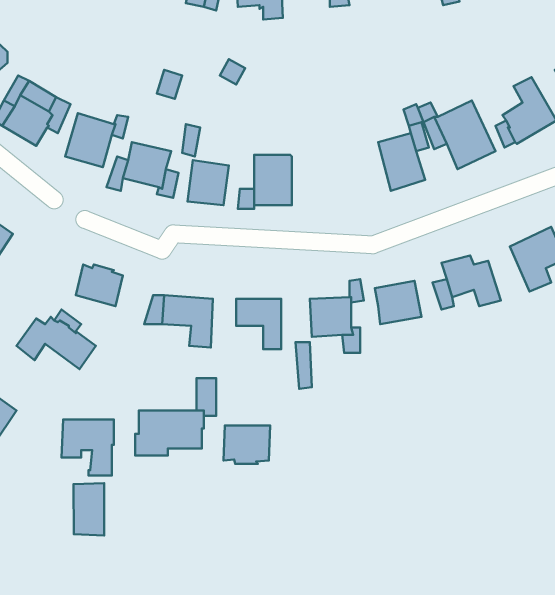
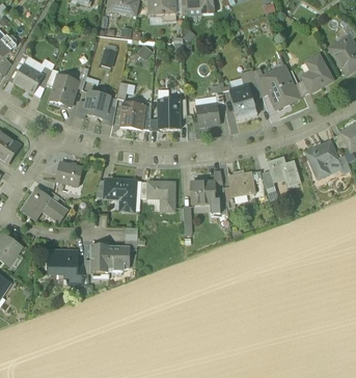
building: none -> [195,102,219,127]
building: [223,425,270,464] -> none
building: [74,483,104,535] -> none

